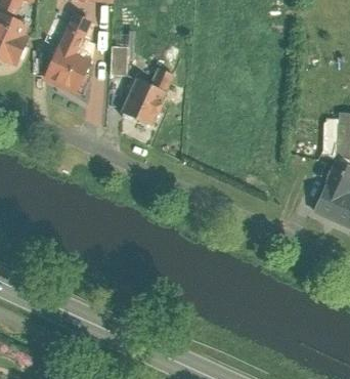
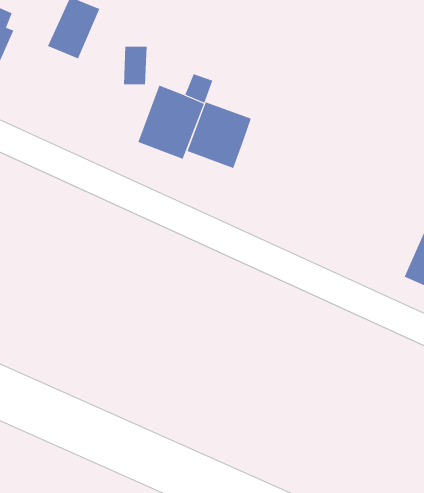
building: [42,46,92,92] -> none
building: none -> [187,101,251,169]

